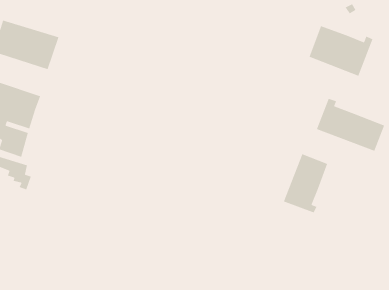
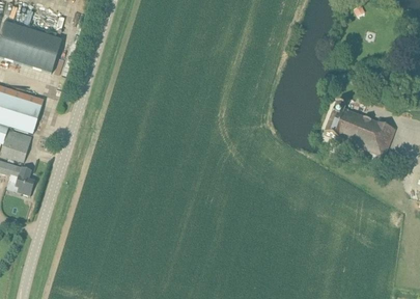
building: [308,25,373,77] -> none
building: [283,153,328,214] -> none

